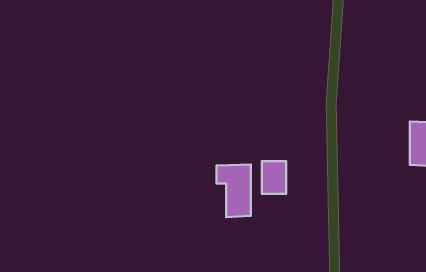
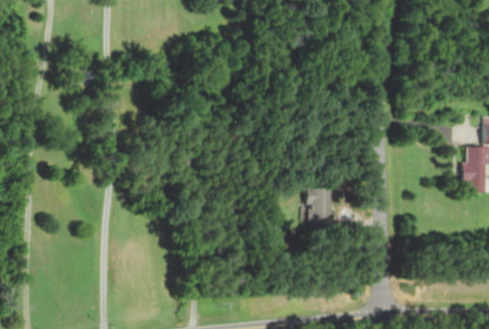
building: [217,164,251,217] -> none

